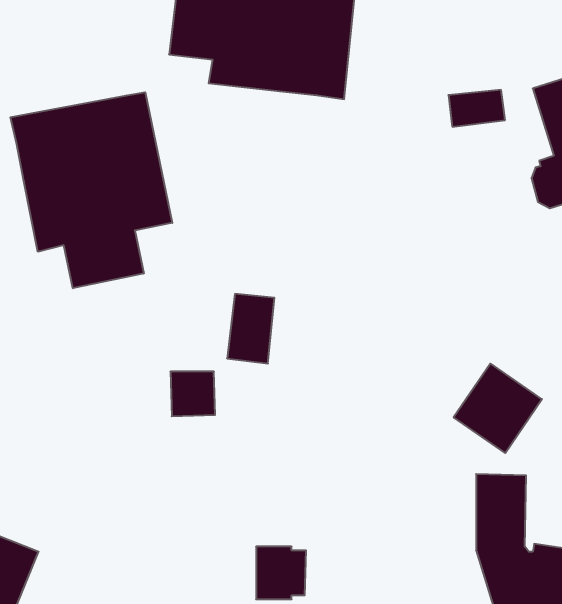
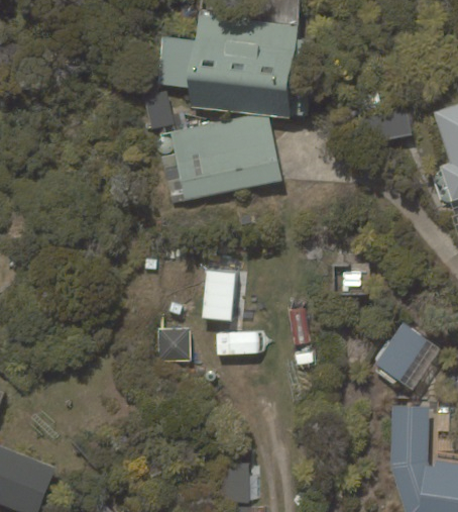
building: [10,92,172,288] -> none
building: none -> [158,115,281,202]

